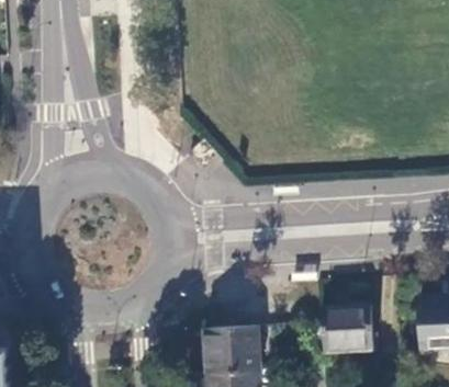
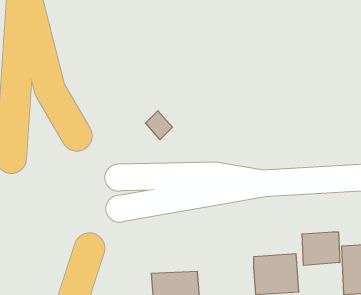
building: none -> [302,232,340,265]

